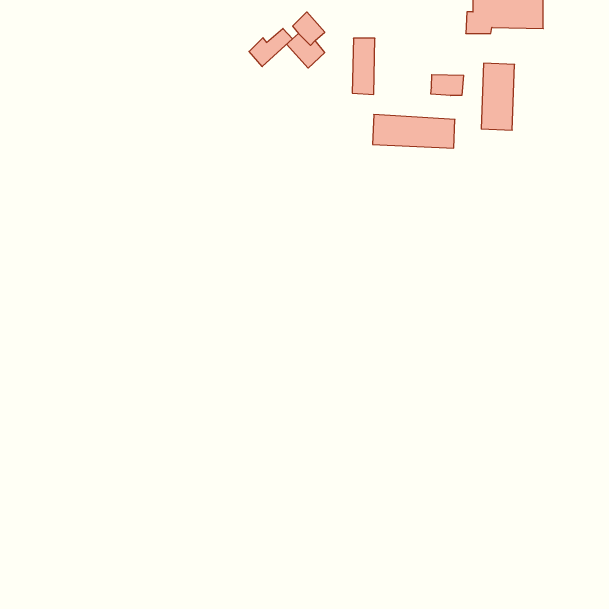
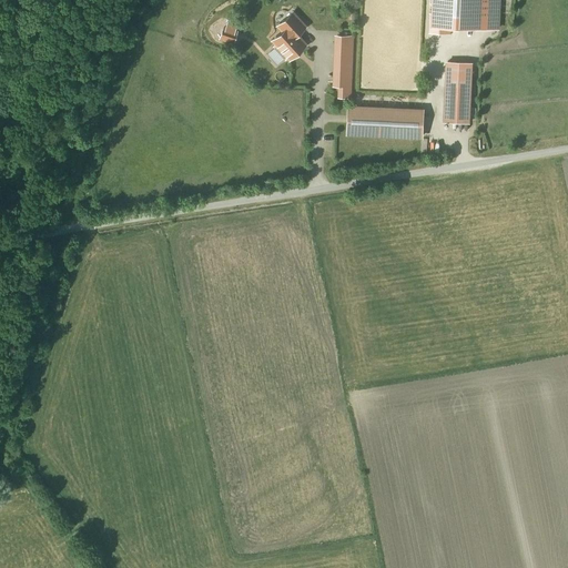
building: [249,28,292,67] -> none
building: [431,75,464,96] -> none

